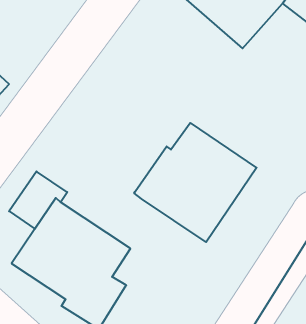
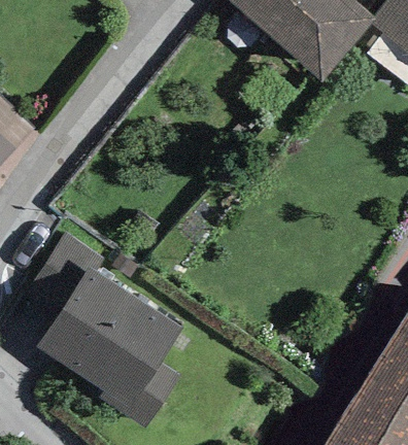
building: [134,123,257,242] -> none

